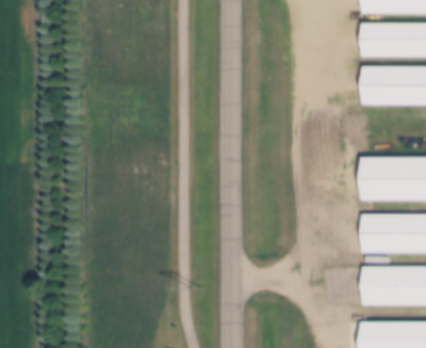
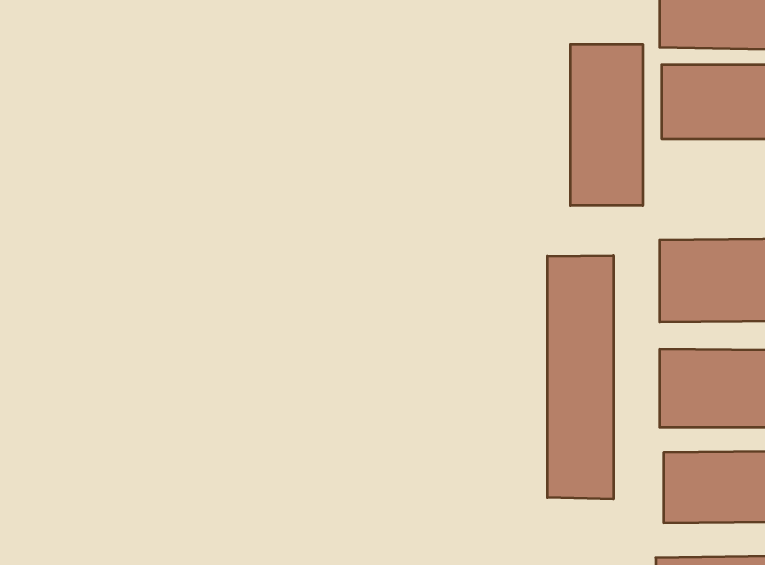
building: none -> [570,44,643,206]
building: none -> [547,255,613,499]

